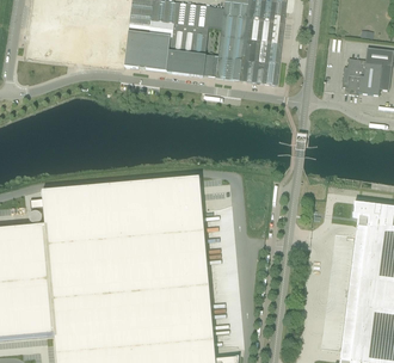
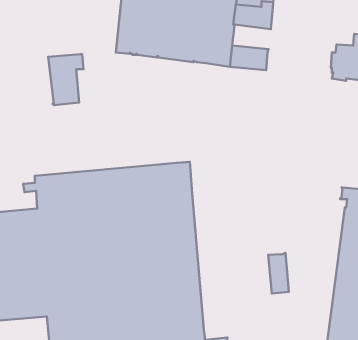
building: [242,36,282,61] -> none
building: none -> [48,54,84,105]
building: none -> [268,253,289,294]

